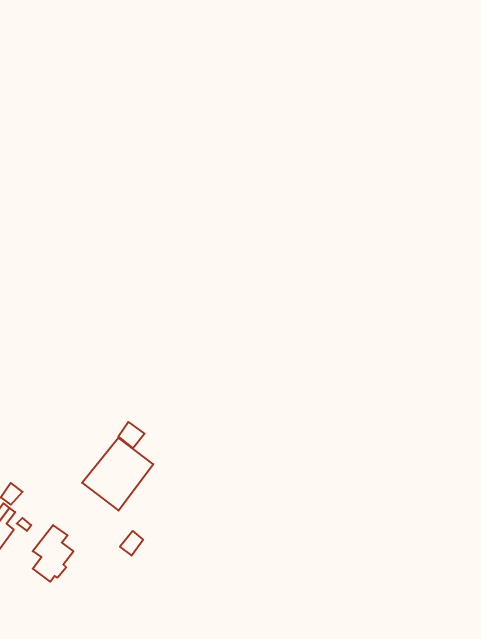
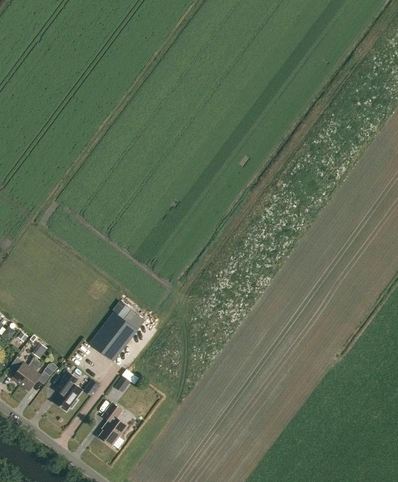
building: none -> [99,402,126,444]

